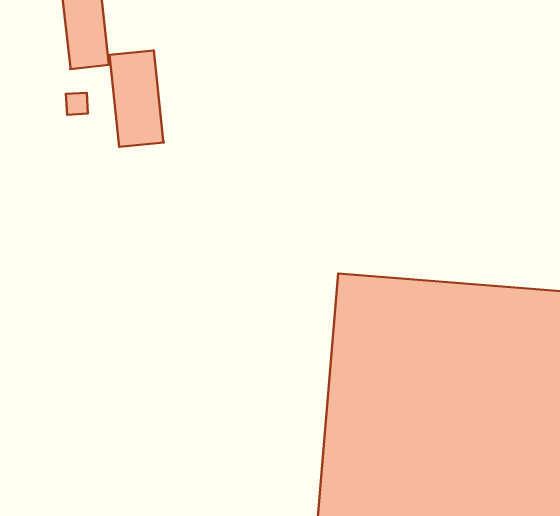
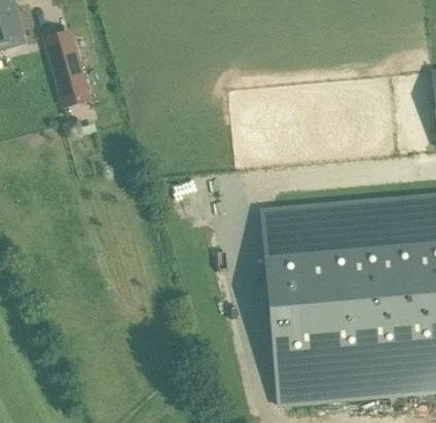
building: [109,51,164,147] -> none

